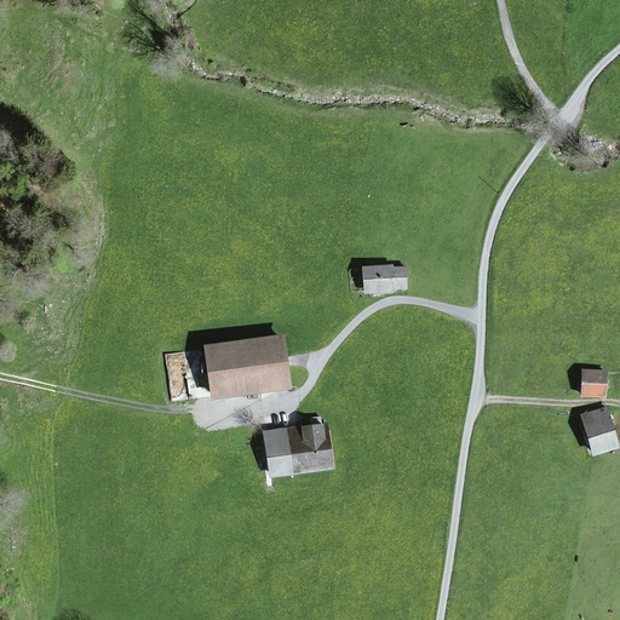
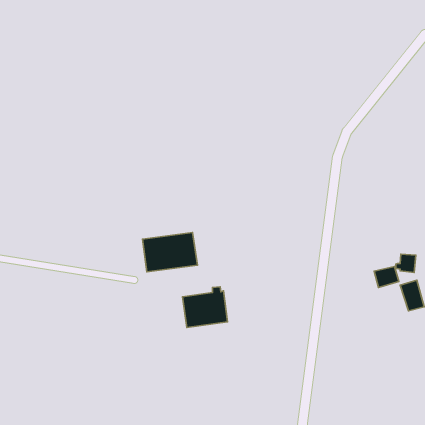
building: [363,266,406,288] -> none
building: none -> [374,267,399,287]

